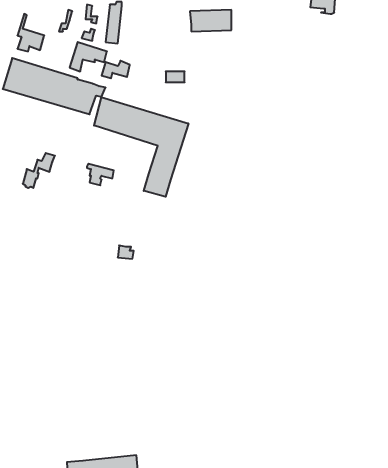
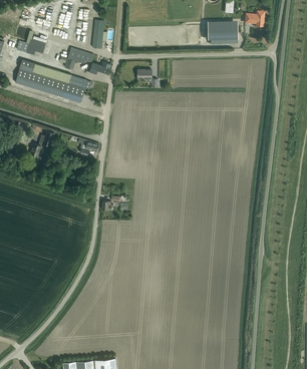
building: [190,10,231,31] -> [208,24,239,40]
building: [94,97,188,197] -> none

